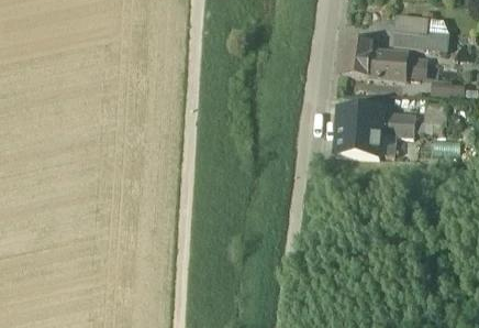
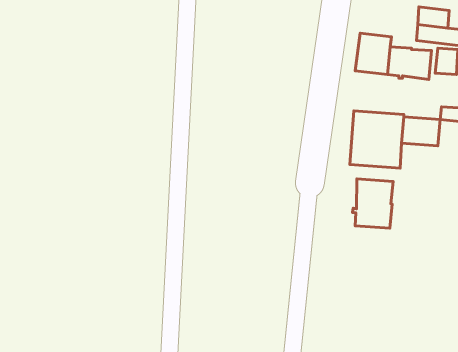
building: none -> [353,179,393,228]

